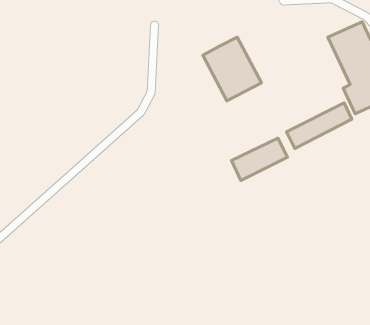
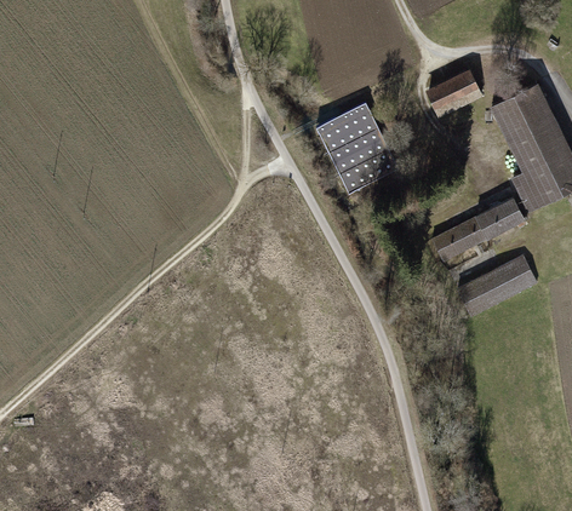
building: none -> [425,68,481,115]
building: [231,138,287,180] -> [456,254,534,314]

